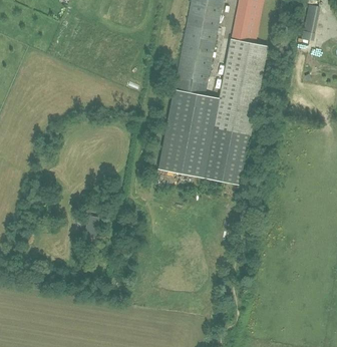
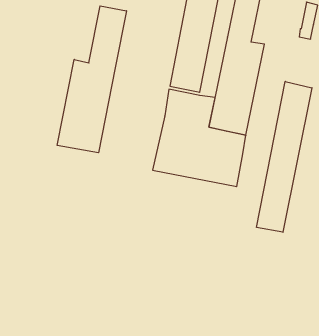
building: none -> [57,6,126,153]
building: none -> [257,81,312,232]

